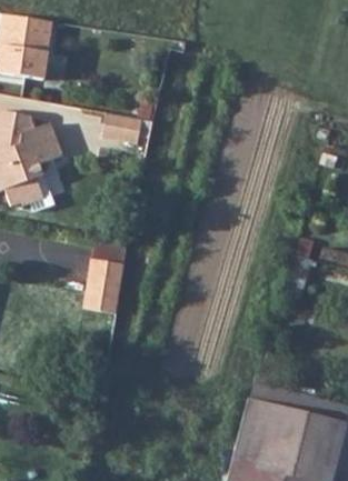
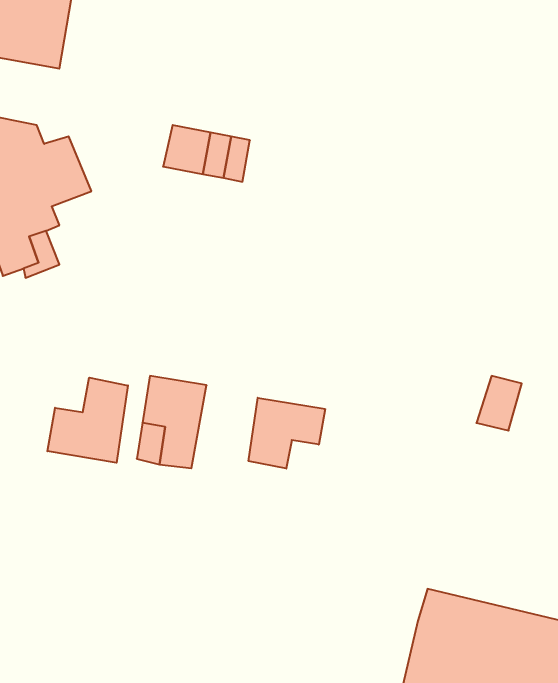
building: none -> [47,378,128,463]
building: none -> [249,398,325,469]

